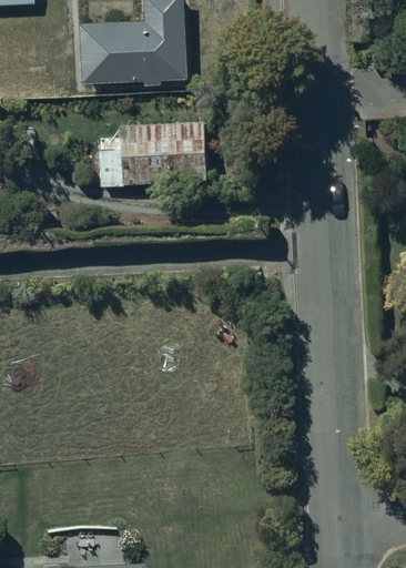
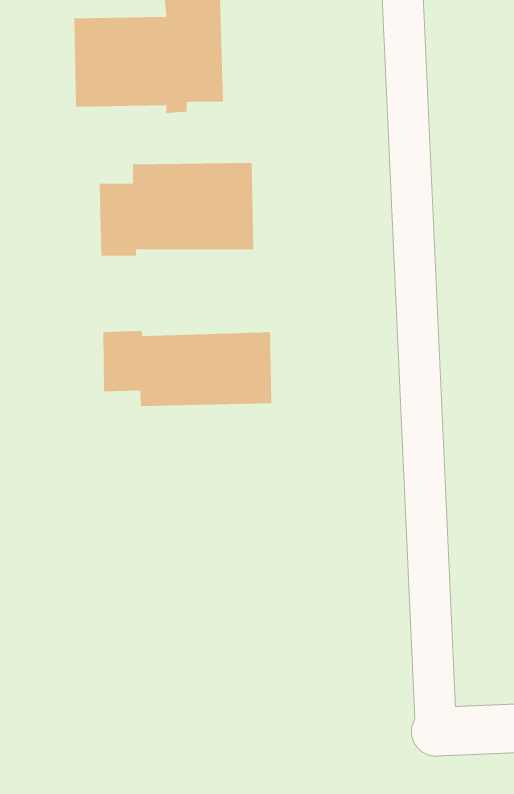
building: none -> [103,330,272,407]

